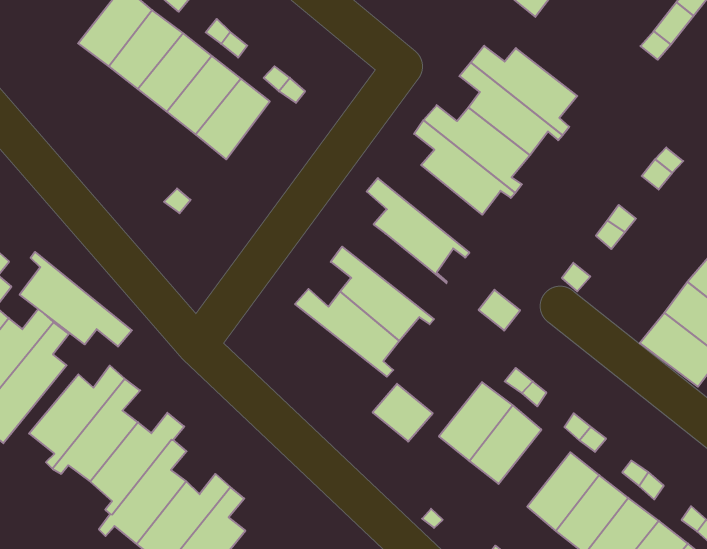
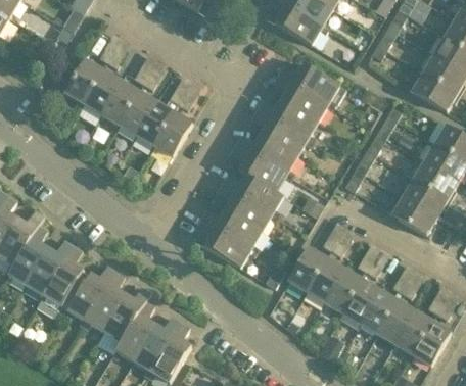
building: none -> [153,110,191,155]
building: none -> [237,134,296,178]
building: none -> [223,174,282,216]
building: [20,252,132,347] -> none
building: none -> [196,219,257,267]
building: none -> [325,269,362,311]

